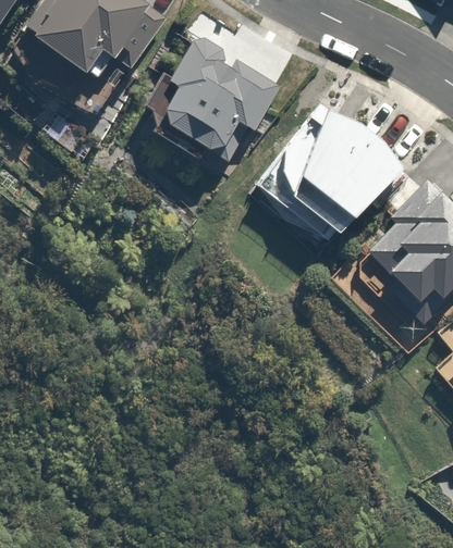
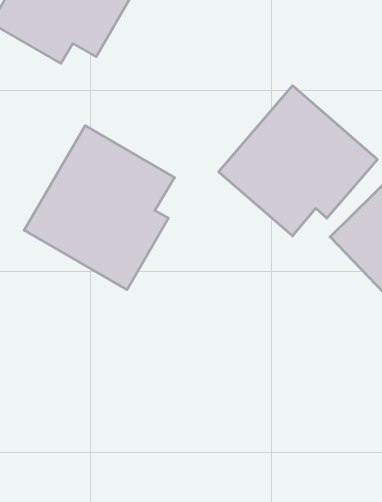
building: [136,38,279,171] -> none
building: none -> [24,126,175,290]

